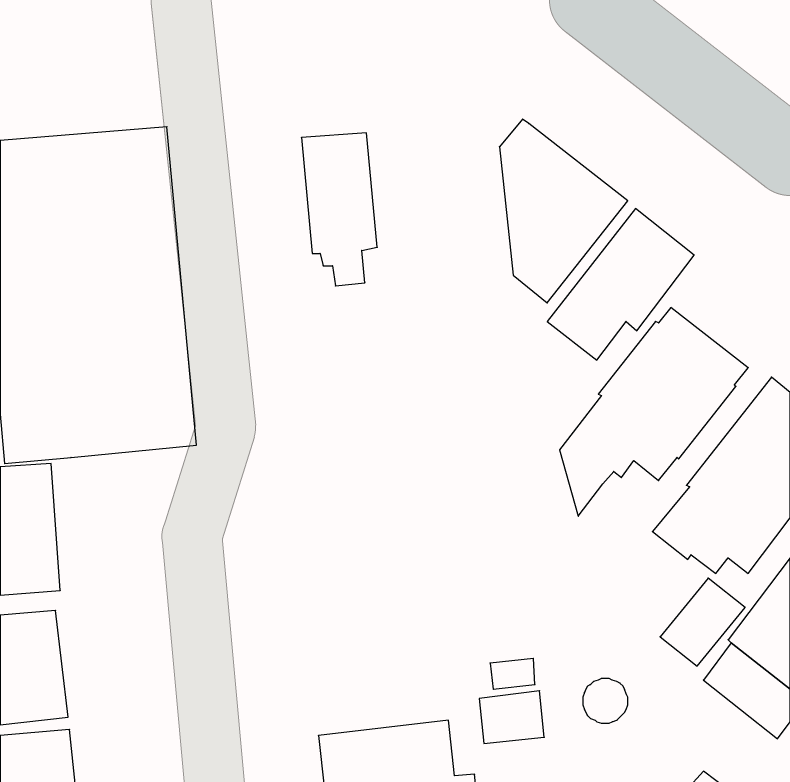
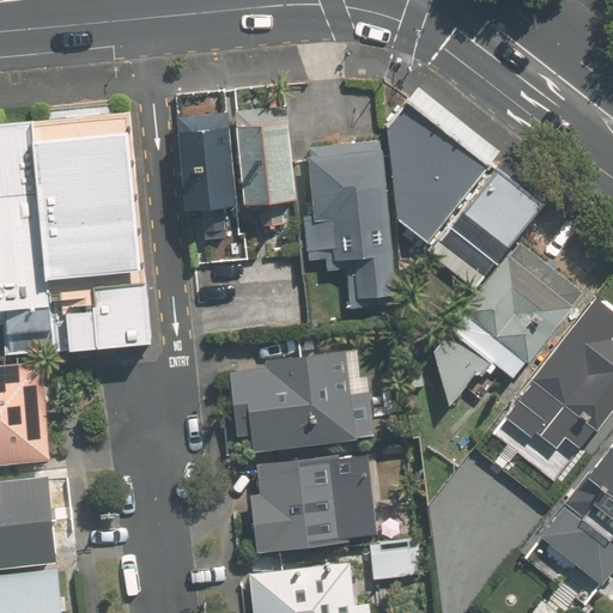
building: none -> [180,114,237,239]
building: none -> [302,142,395,310]
building: none -> [229,353,372,453]
building: none -> [249,456,363,553]

